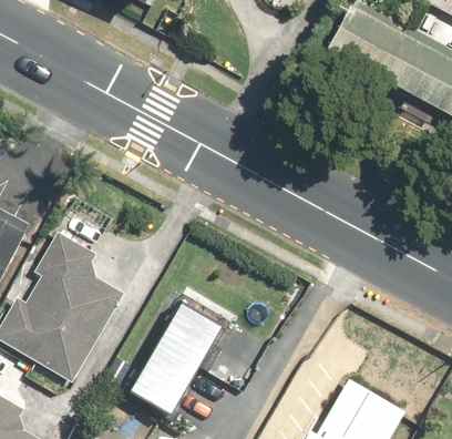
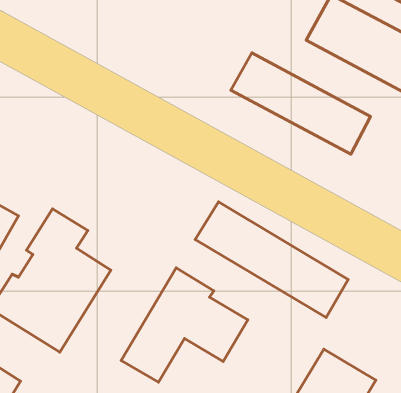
building: none -> [231,53,371,154]
building: none -> [195,202,348,317]

